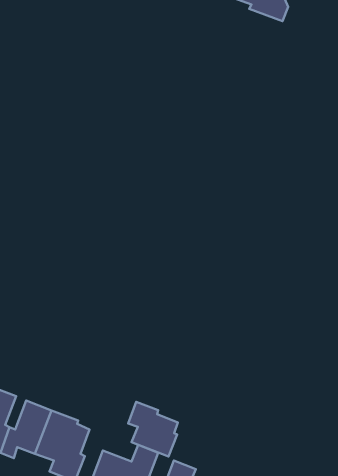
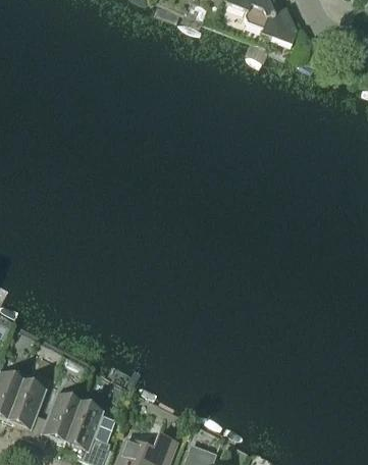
building: [128,402,178,456] -> none

